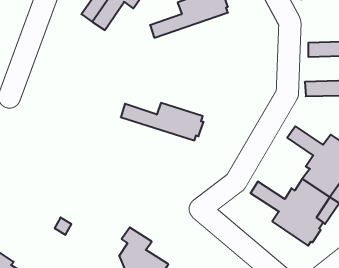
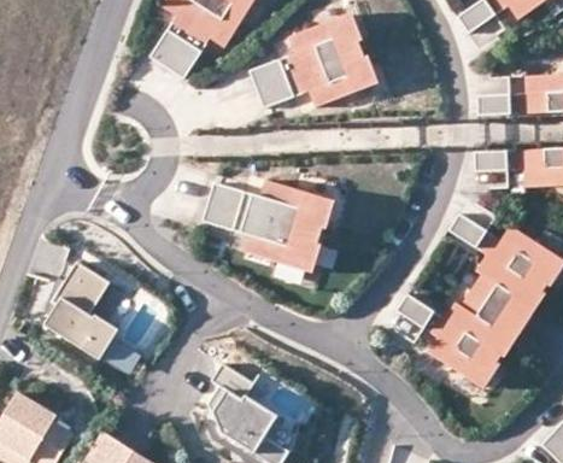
building: none -> [258,52,377,109]
building: none -> [204,203,317,272]
building: none -> [43,259,118,357]

